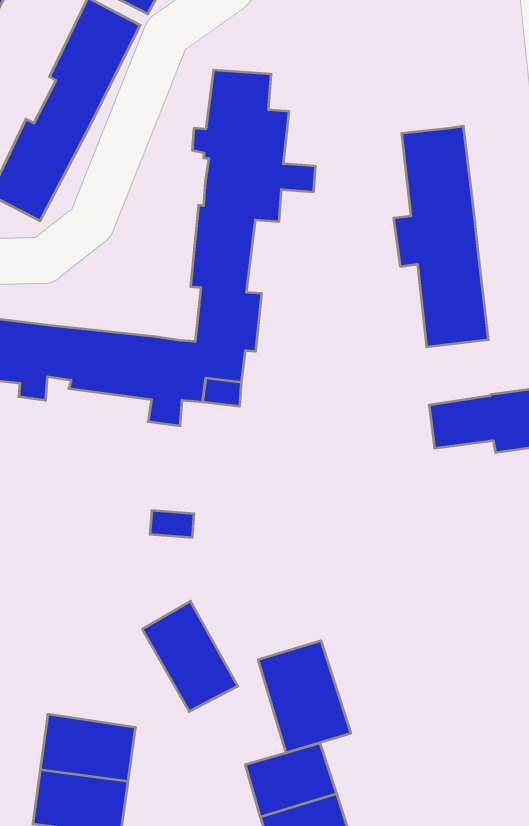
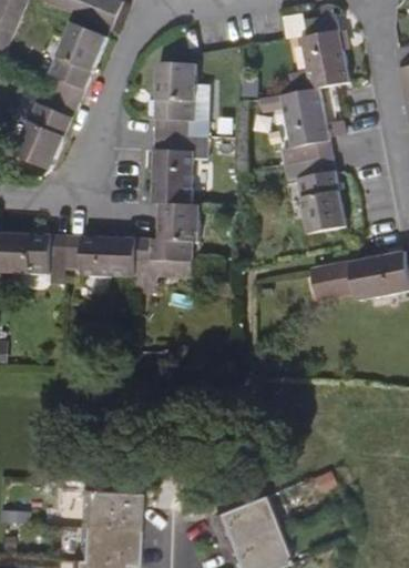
building: none -> [303,12,351,88]
building: [142,601,238,712] -> none
building: [258,641,351,753] -> none

